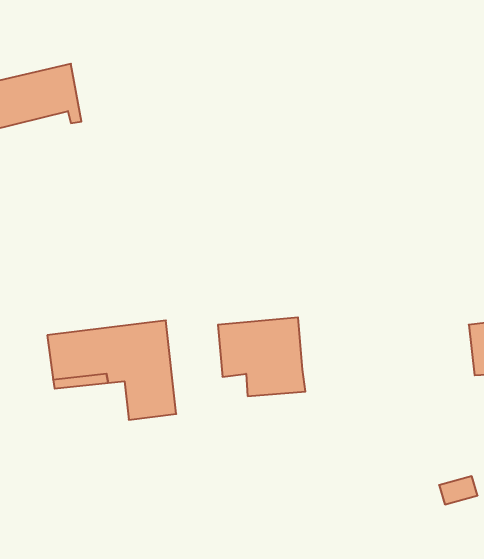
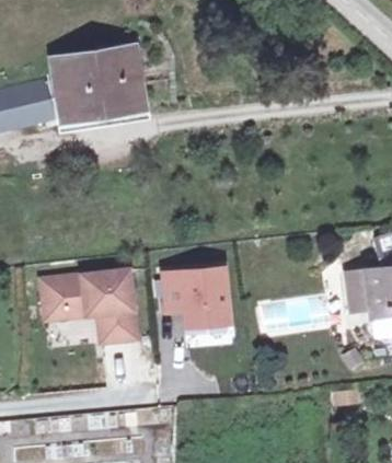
building: none -> [57,55,139,124]

